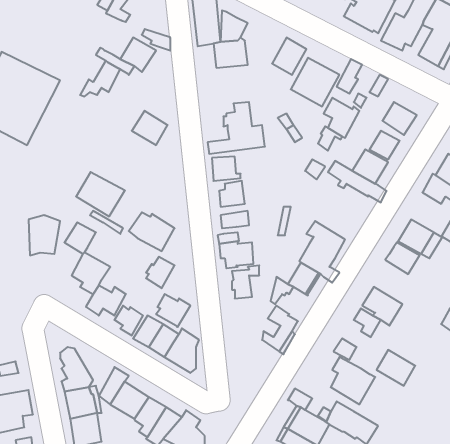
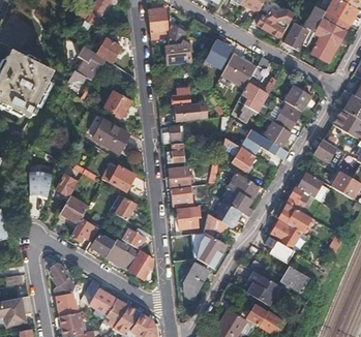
building: [76,172,125,216] -> [94,122,129,154]
building: none -> [223,137,254,171]
building: none -> [275,203,304,227]
building: none -> [184,263,209,300]

